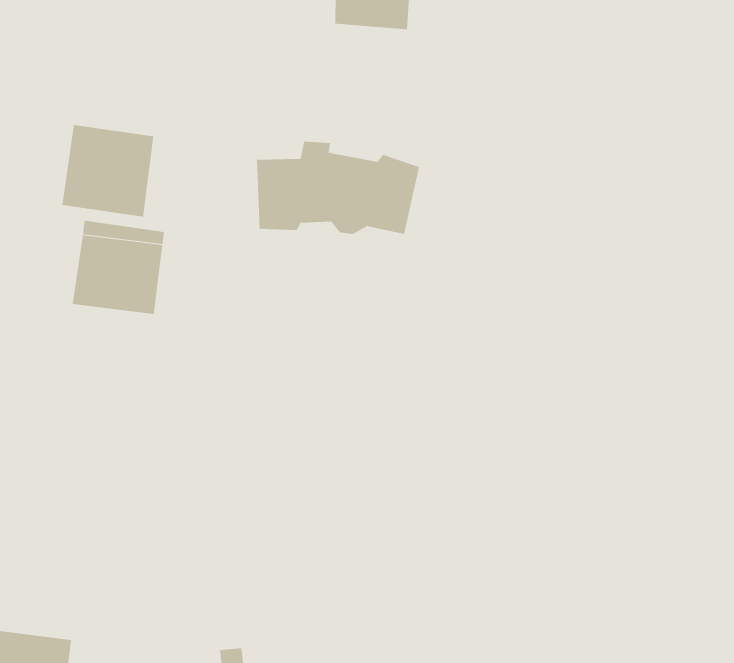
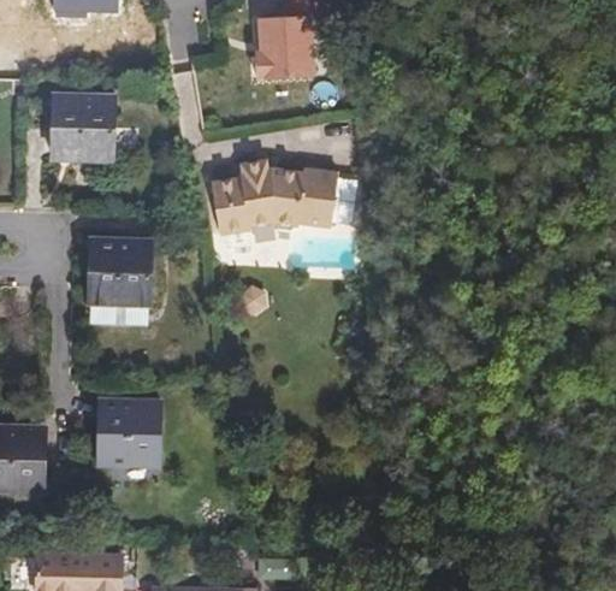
building: [62,124,154,217] -> [52,97,114,160]
building: none -> [99,402,160,467]

